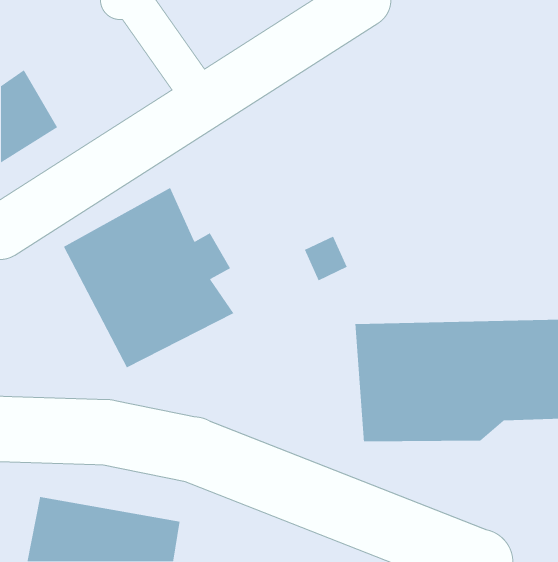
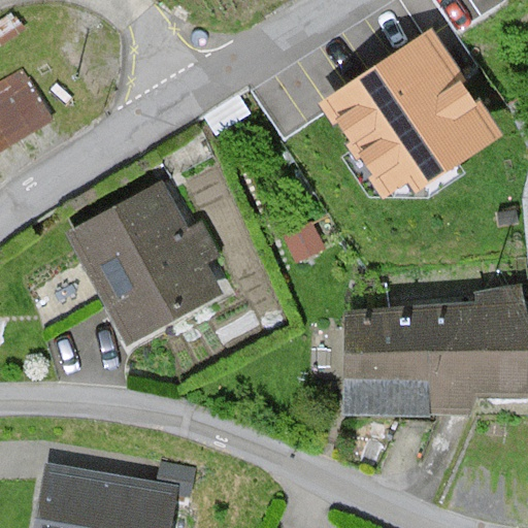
building: none -> [325,28,509,198]

